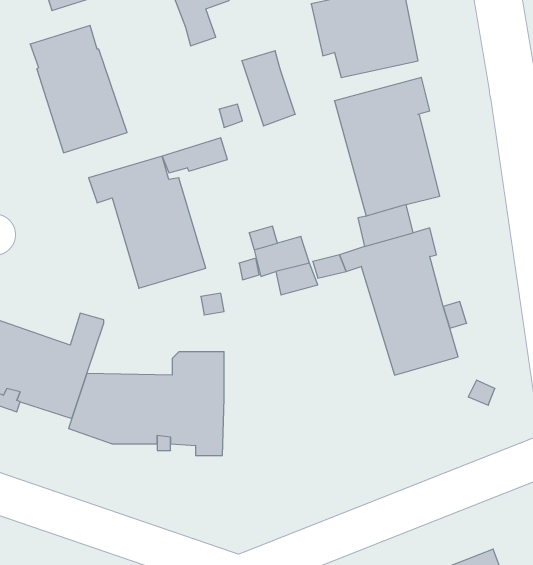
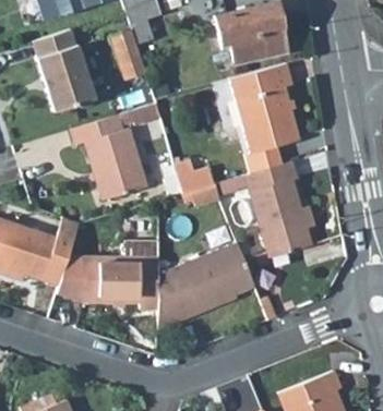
building: [242,51,295,126] -> [111,31,146,80]
building: none -> [157,242,254,329]

